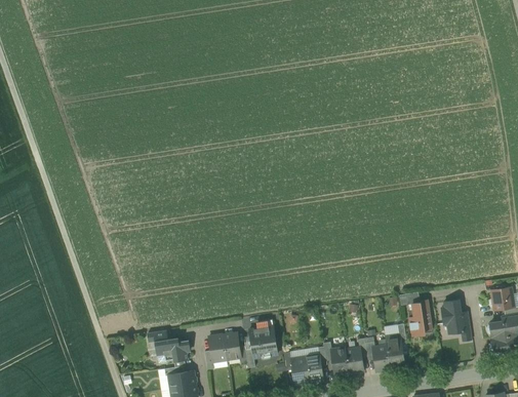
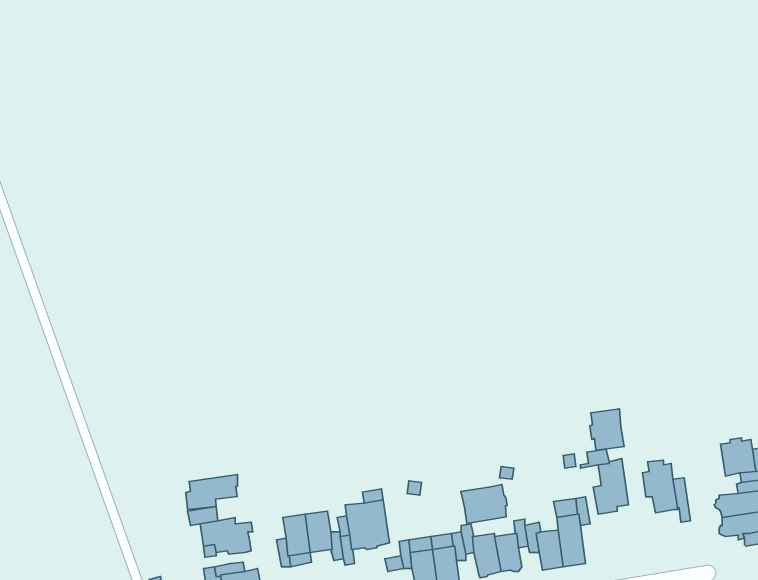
building: none -> [590,409,624,450]
building: none -> [186,475,238,510]
building: none -> [461,485,507,523]

